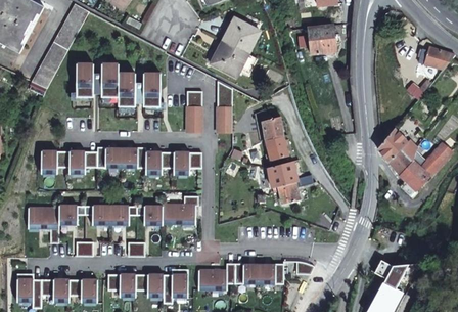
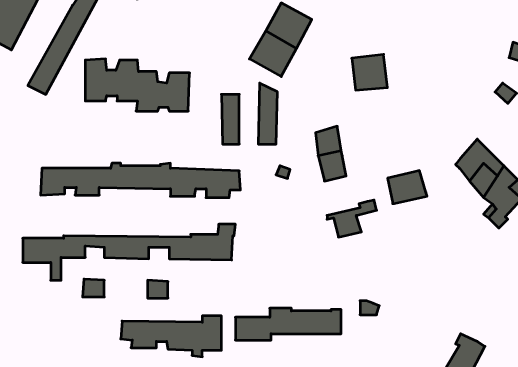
building: [307,25,335,53] -> [352,54,387,90]
building: [267,162,299,188] -> [388,171,427,204]
building: [371,260,405,289] -> none
building: [17,272,97,306] -> none

